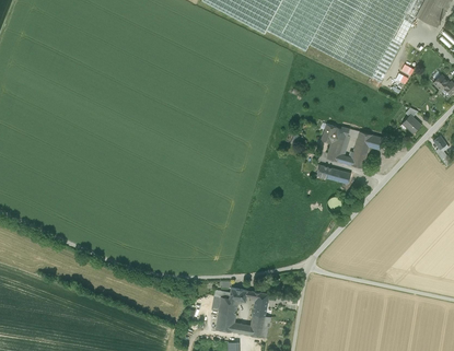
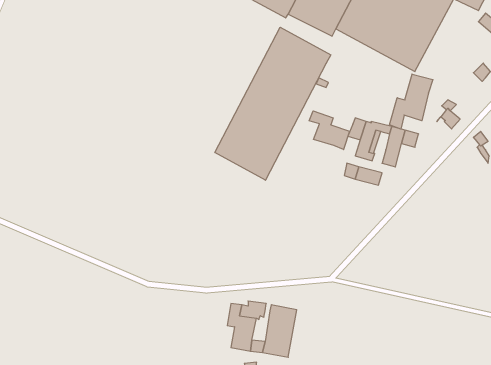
building: none -> [215,27,331,180]
building: none -> [390,74,433,129]
building: none -> [309,111,350,150]

